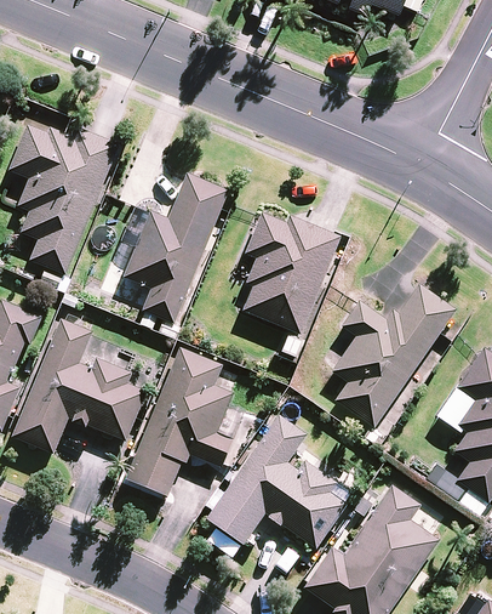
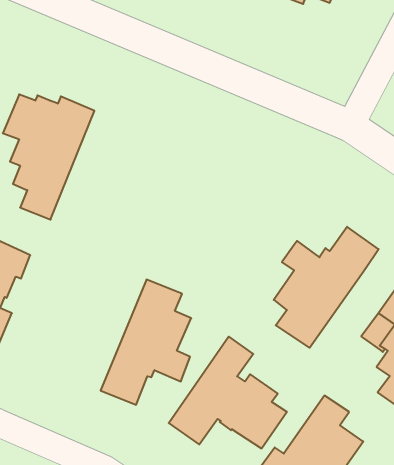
building: [121,175,228,324] -> none
building: [242,212,339,336] -> none
building: [11,318,145,455] -> none

